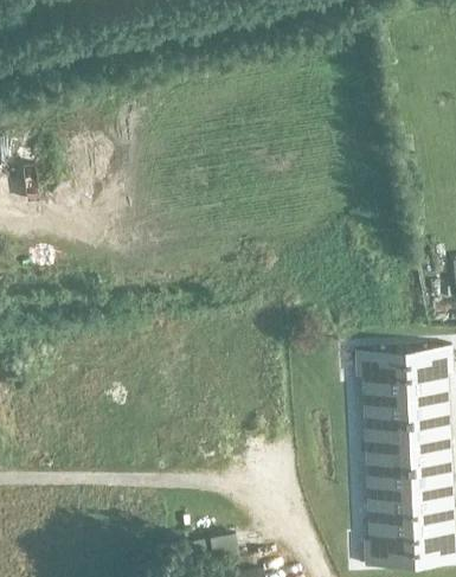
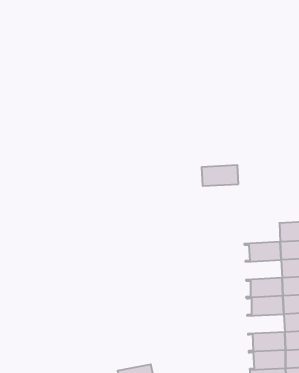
building: [355,350,404,377] -> [202,165,238,186]
building: [358,398,406,424] -> none
building: [360,469,410,495] -> none

